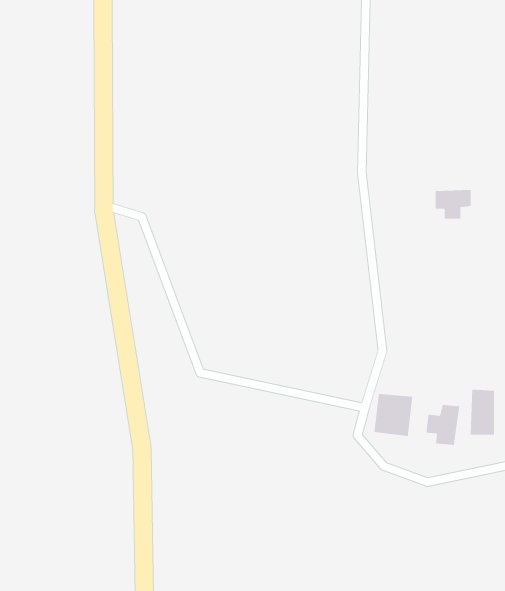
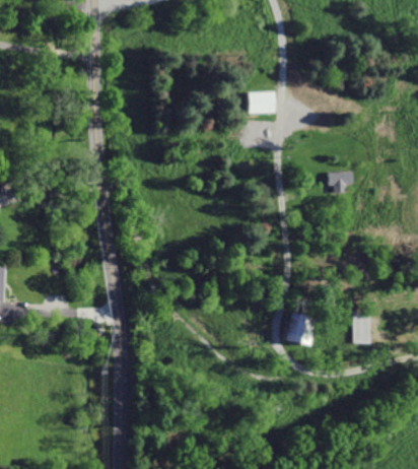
building: none -> [245,92,274,115]
building: [426,404,460,446] -> none

